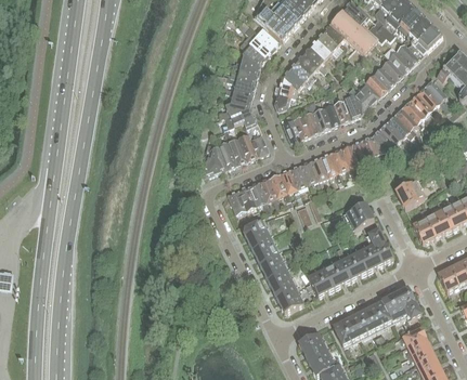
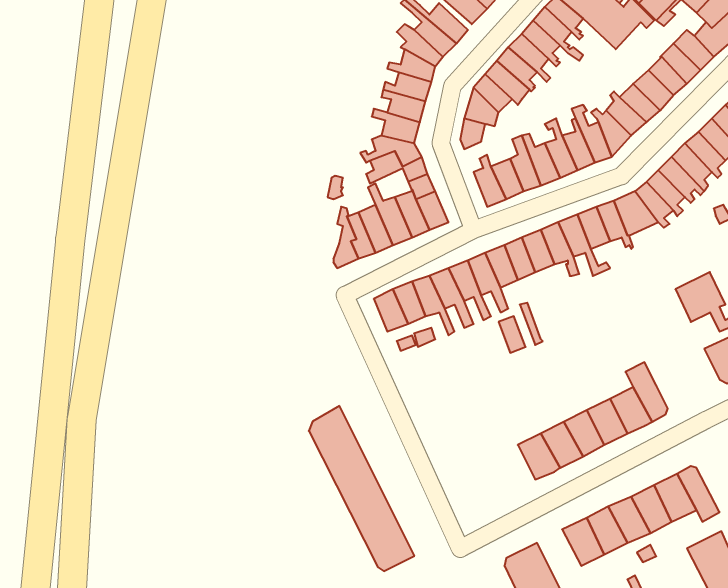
building: [346,202,374,230] -> none
building: [244,219,303,312] -> [309,406,414,571]

